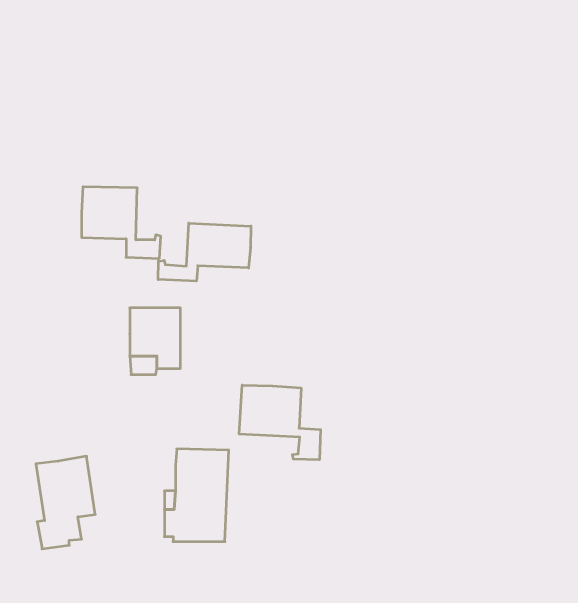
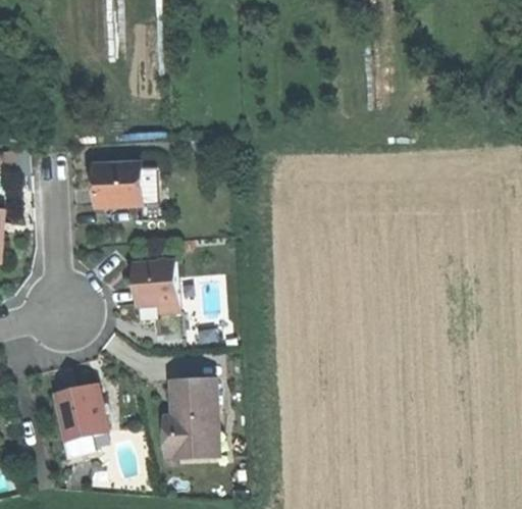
building: [158,223,251,281] -> none
building: [239,385,321,460] -> none

